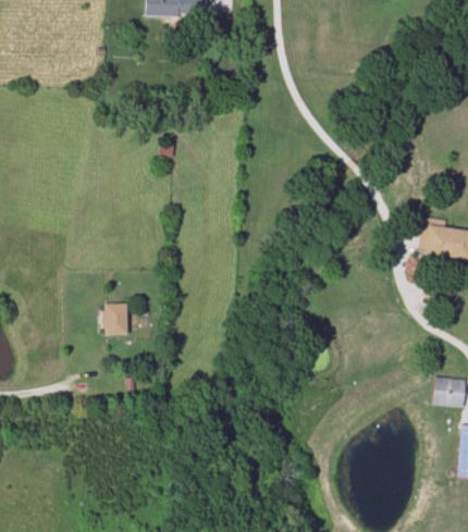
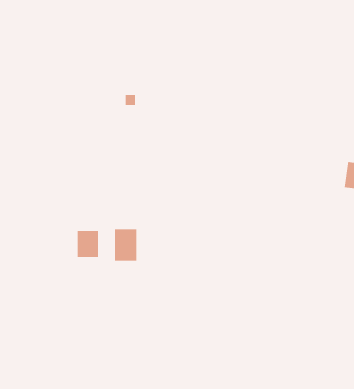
building: none -> [114,229,137,262]

